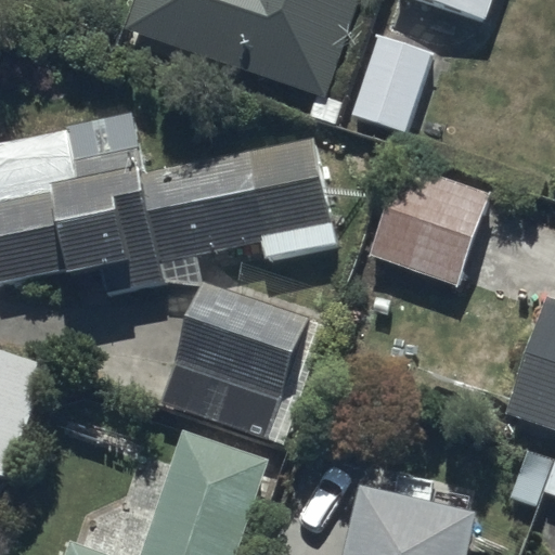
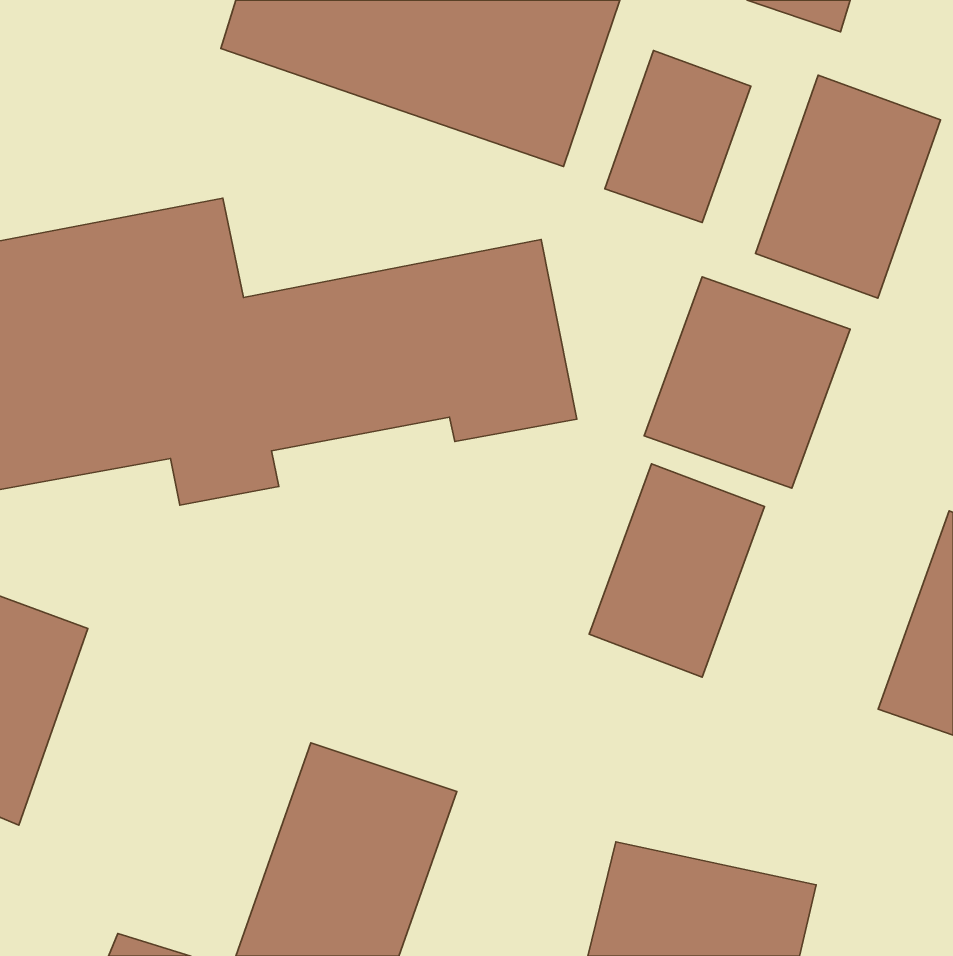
building: none -> [756,75,941,298]
building: none -> [589,464,764,677]
building: [158,283,308,441] -> none

